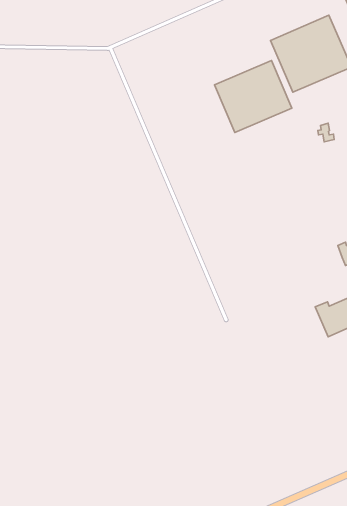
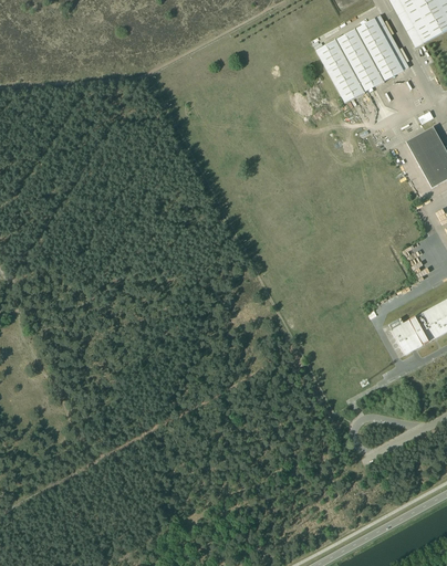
building: [214,61,292,133] -> none

